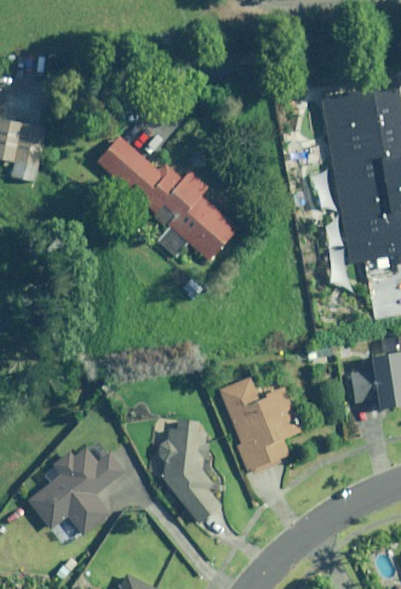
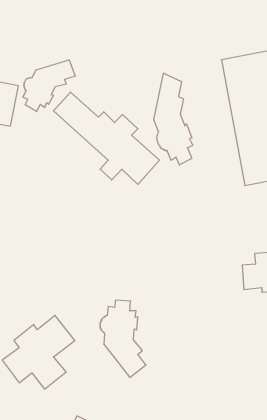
building: none -> [23,60,75,112]
building: none -> [154,73,193,165]
building: [218,376,300,478] -> none

